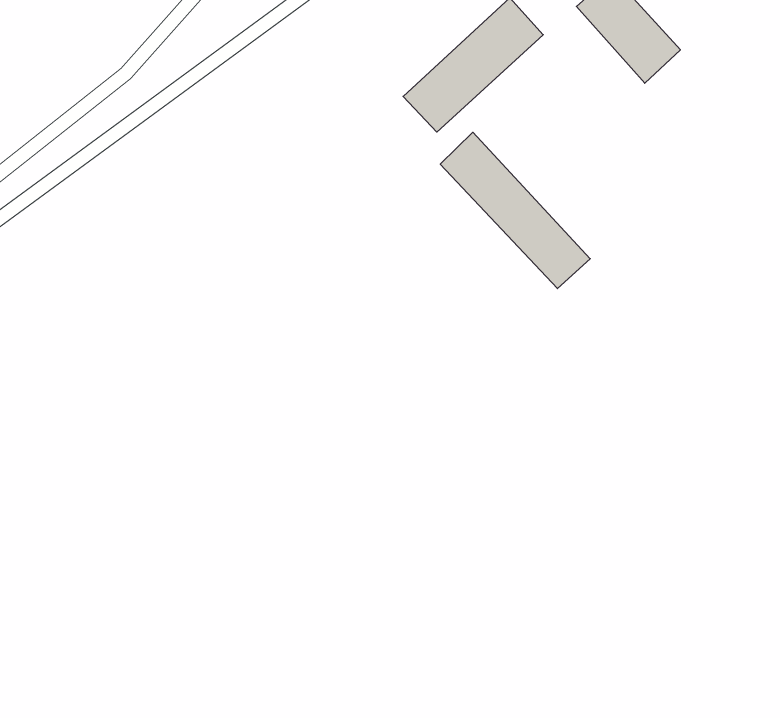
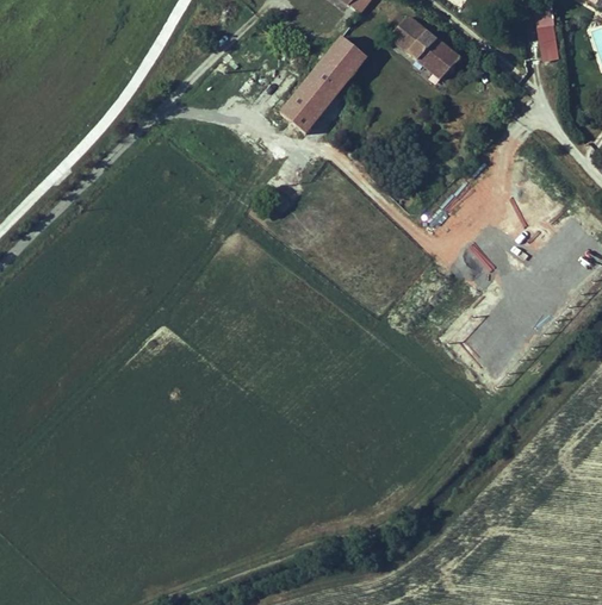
building: [440,132,590,289] -> none

